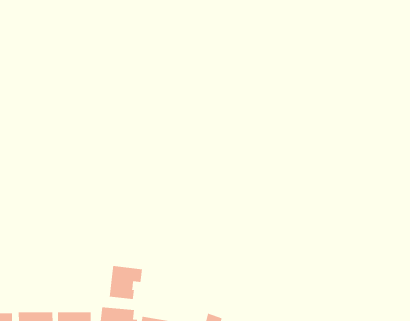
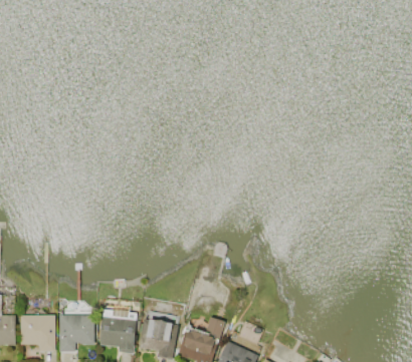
building: [109,265,142,300] -> none

